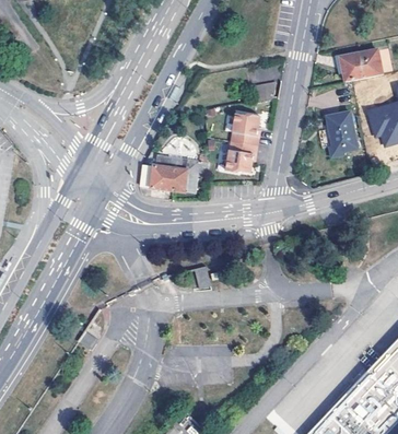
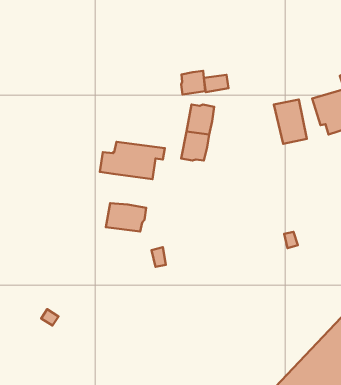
building: [337,49,379,81] -> none
building: none -> [181,71,205,94]
building: none -> [106,203,146,231]

